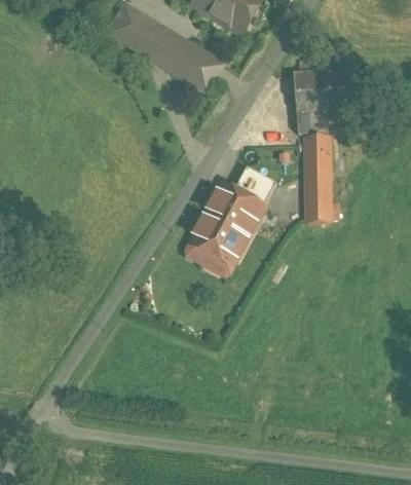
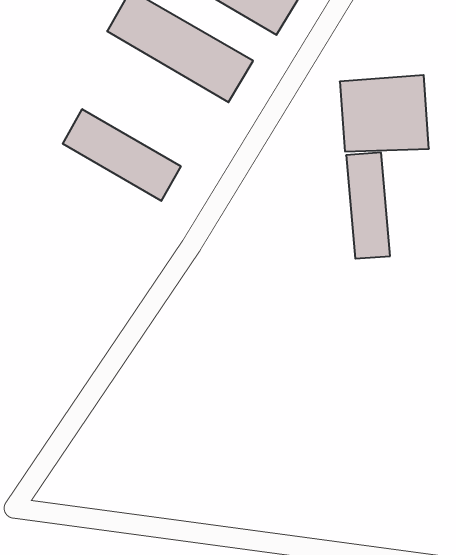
building: none -> [63,109,181,201]
building: [182,179,269,276] -> none

